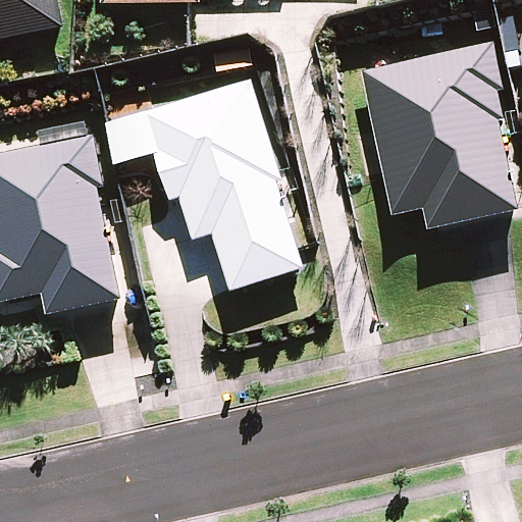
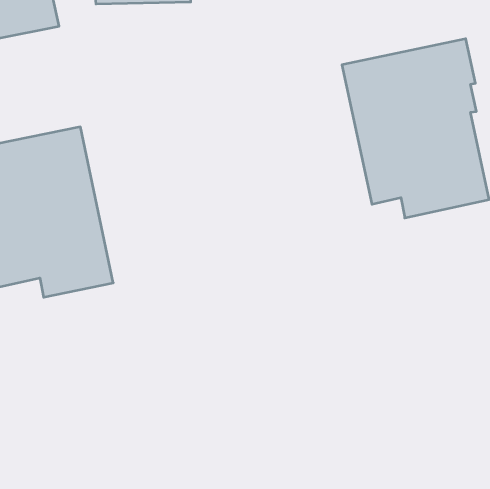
building: [142,80,304,292] -> none

